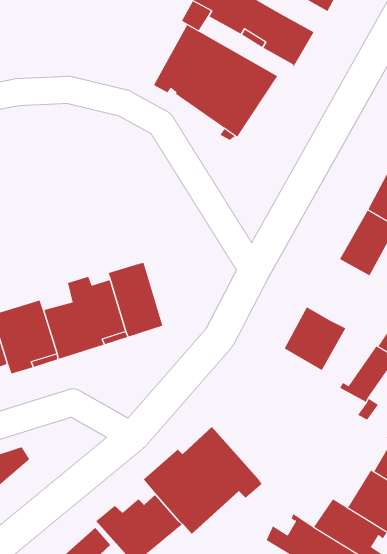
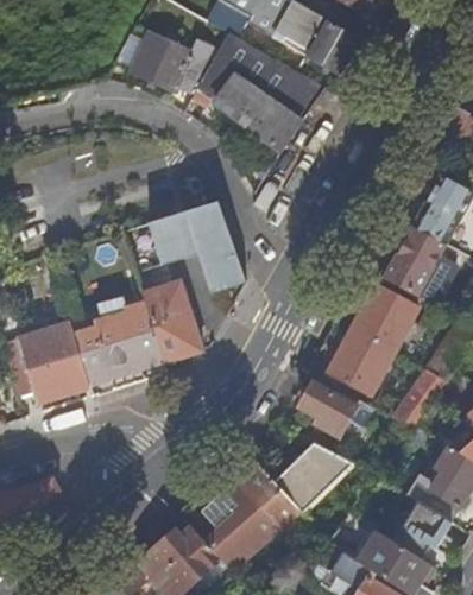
building: none -> [130,32,202,93]
building: none -> [146,202,242,292]
building: none -> [351,284,417,352]
building: none -> [299,382,385,443]
building: none -> [275,443,353,512]

